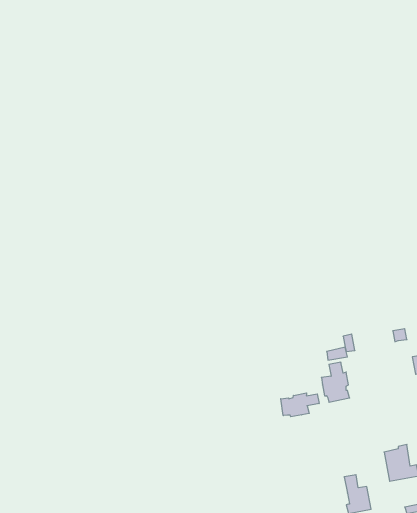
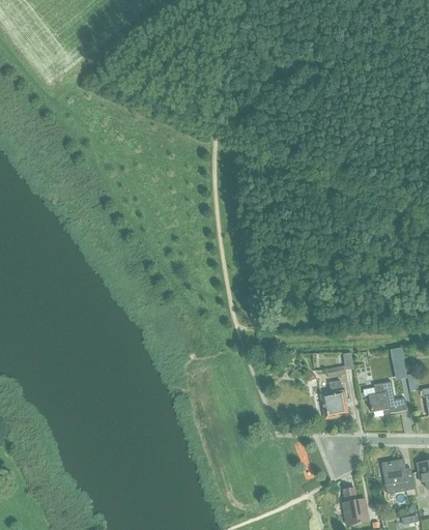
building: none -> [368,380,407,414]
building: [281,393,319,417] -> none

